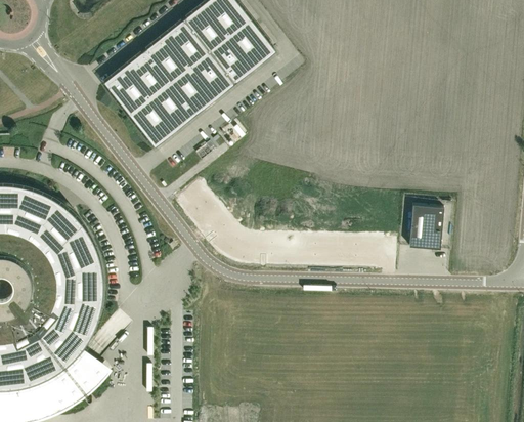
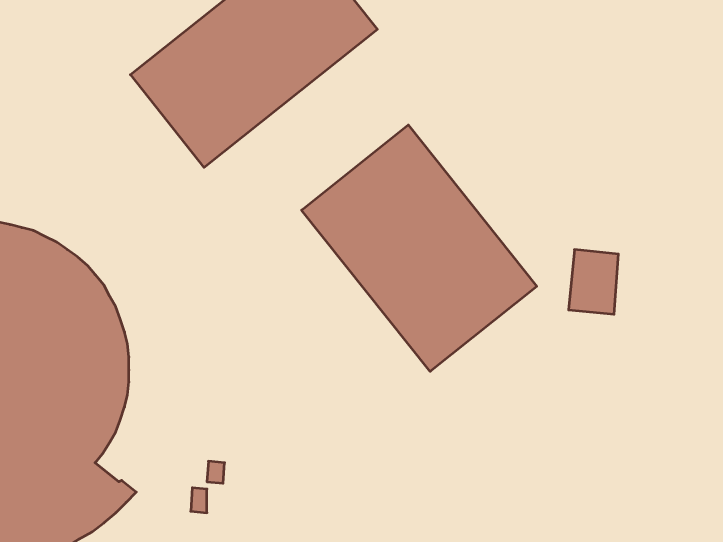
building: none -> [302,125,537,371]

